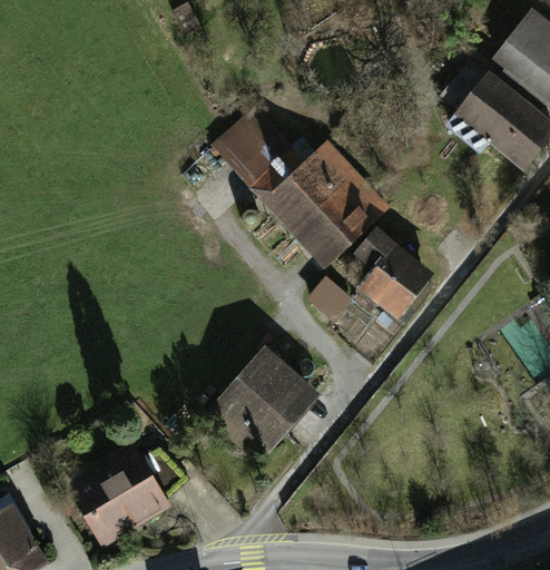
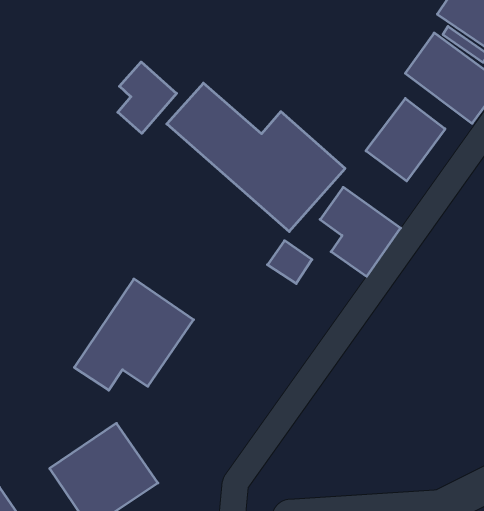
building: none -> [118,62,177,133]
building: none -> [366,98,445,181]
building: [200,343,325,454] -> [74,279,194,390]

